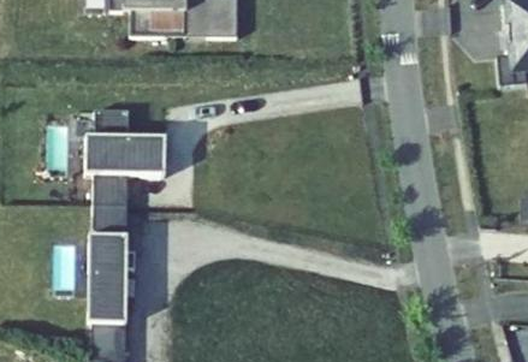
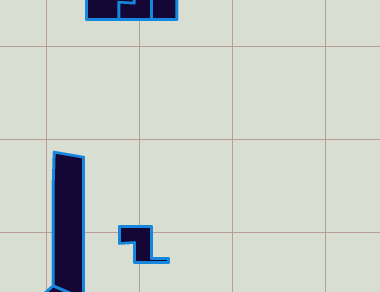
building: [84,101,164,200] -> none
building: none -> [119,226,168,262]

